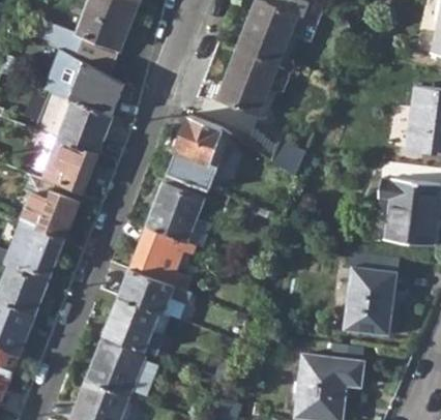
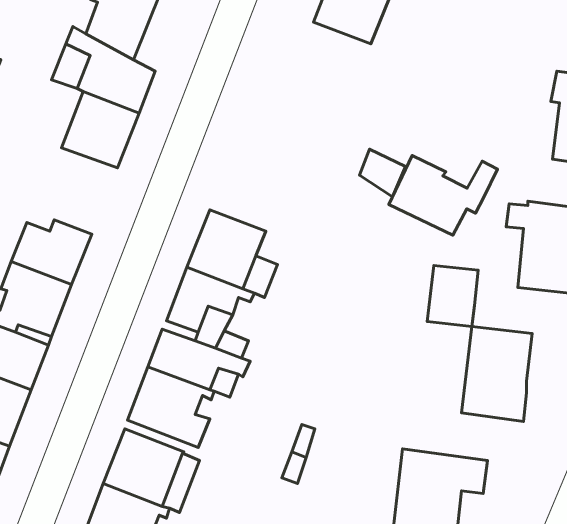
building: [218,49,278,118] -> none
building: [168,115,240,187] -> none
building: [43,136,96,188] -> none
building: none -> [389,155,498,235]
building: none -> [427,265,478,326]

